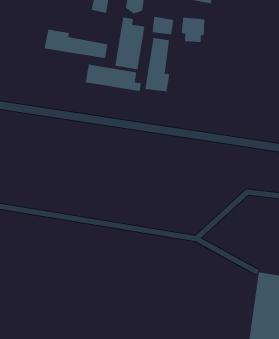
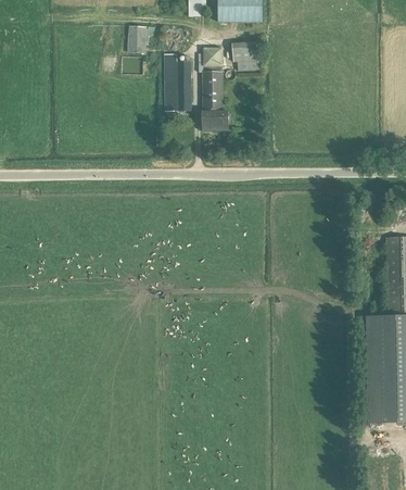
building: [44,29,108,59] -> none
building: [85,64,141,92] -> none

